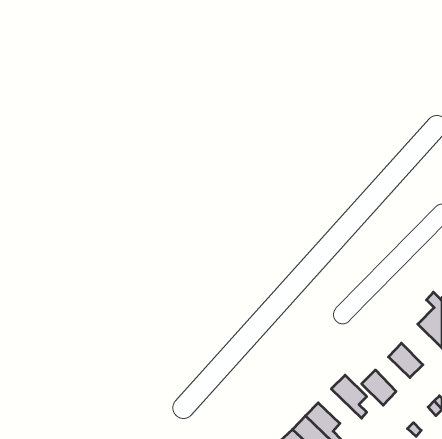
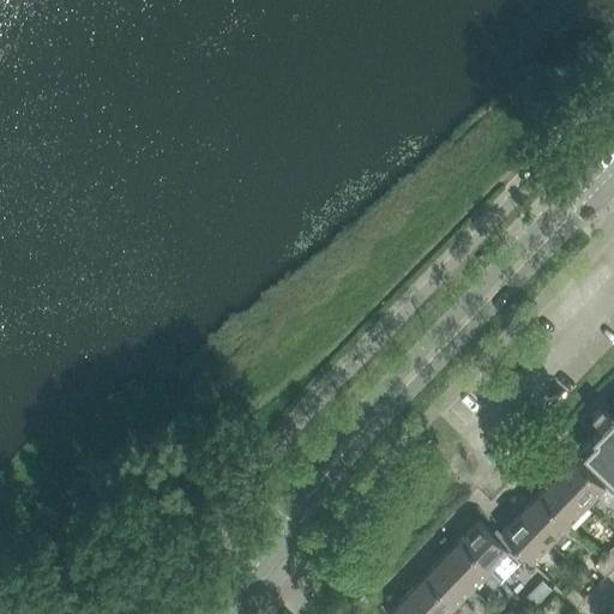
building: none -> [556,460,604,510]
building: none -> [520,499,568,547]
building: none -> [441,543,501,592]

